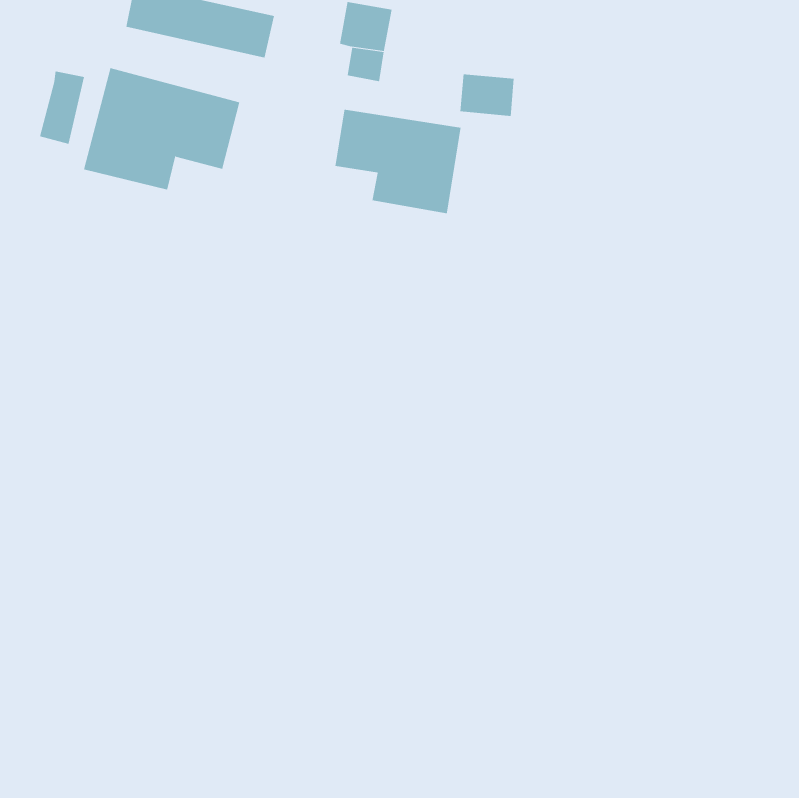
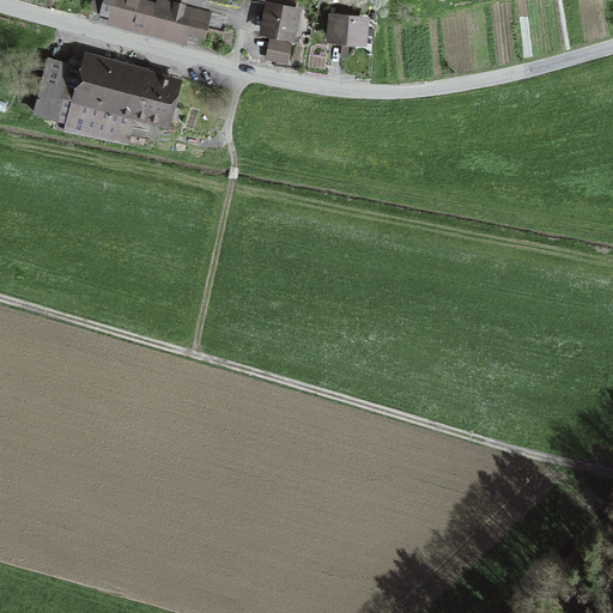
building: [460,74,515,116] -> [326,13,368,45]
building: [335,109,461,214] -> none

